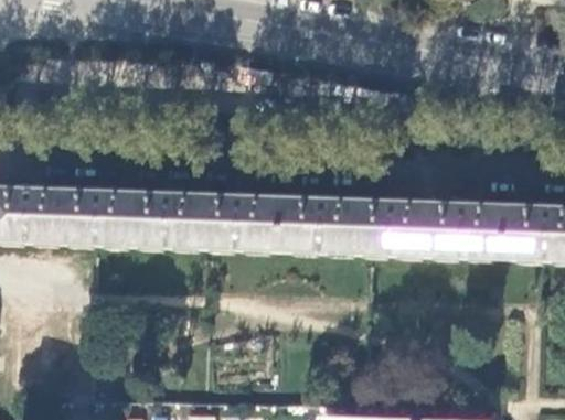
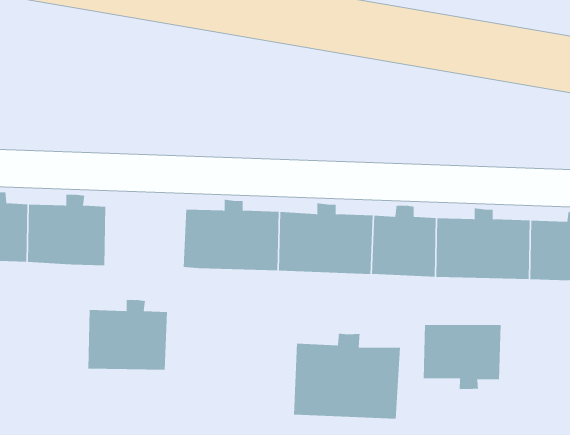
building: [131,185,203,248] -> [88,300,168,370]
building: none -> [423,324,501,390]
building: none -> [294,333,400,419]

